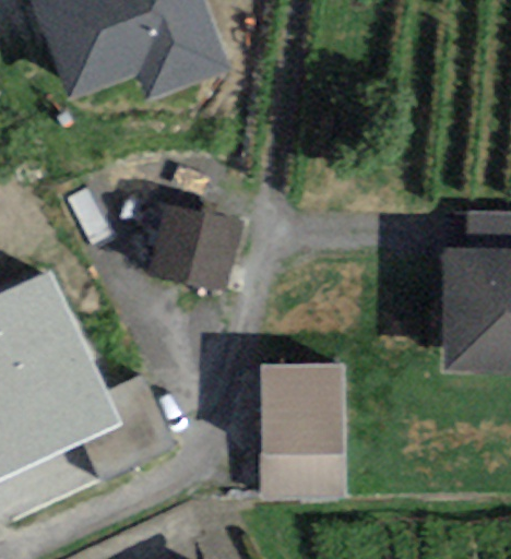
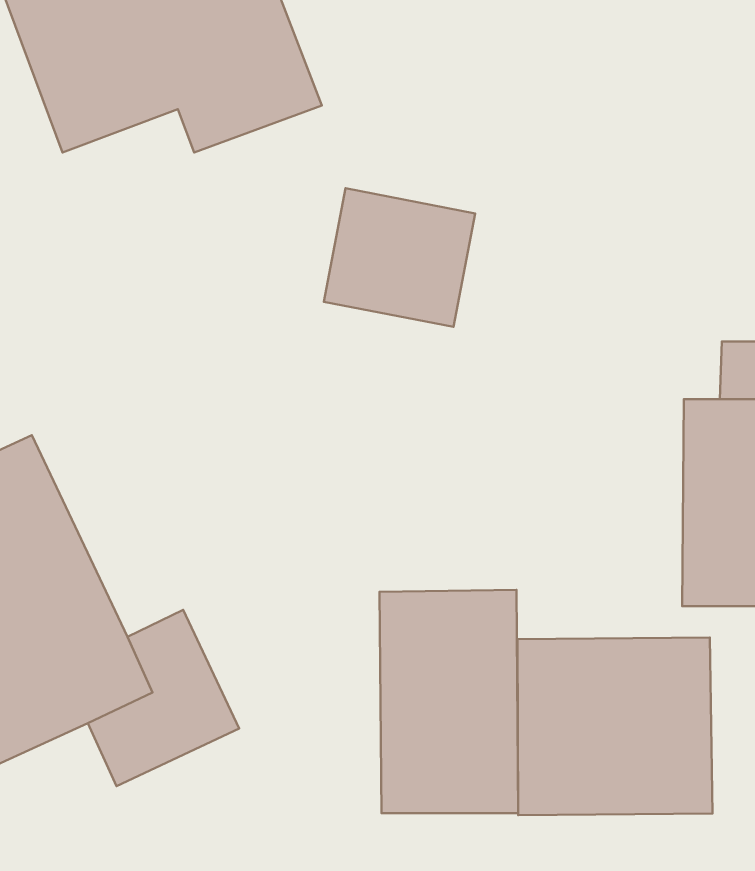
building: [150,209,241,293] -> [324,188,475,327]
building: none -> [517,638,712,815]

